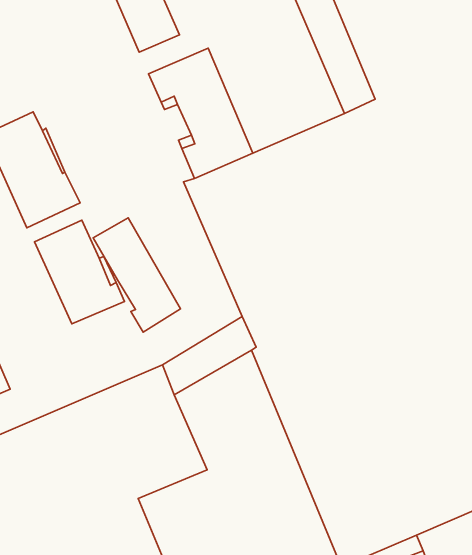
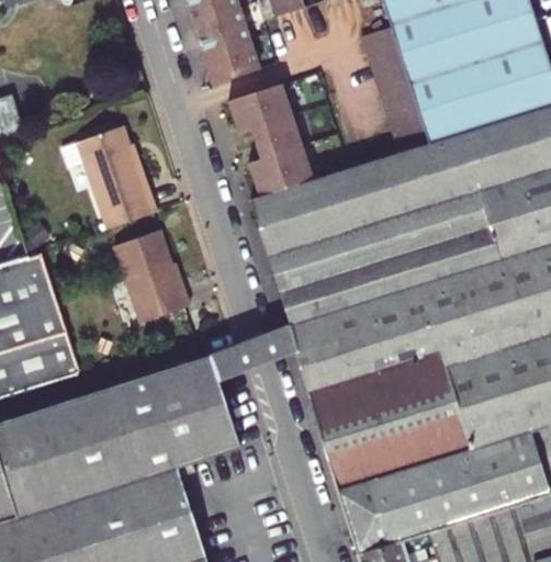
building: [93,218,180,332] -> none

